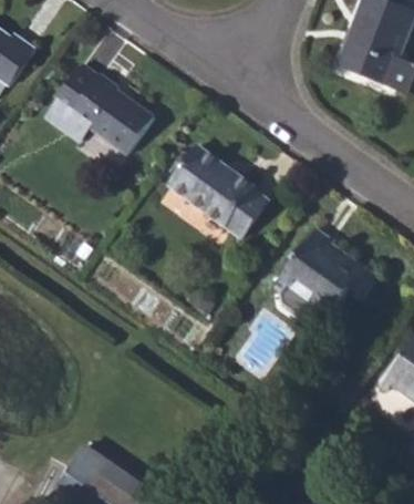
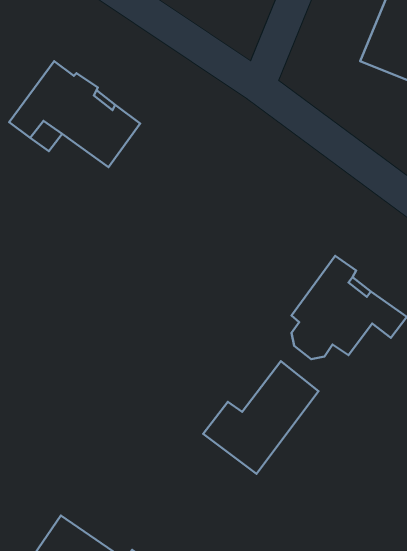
building: [168,145,267,236] -> none
building: none -> [203,361,318,474]

